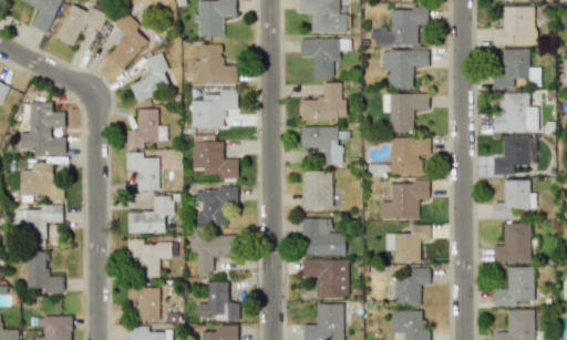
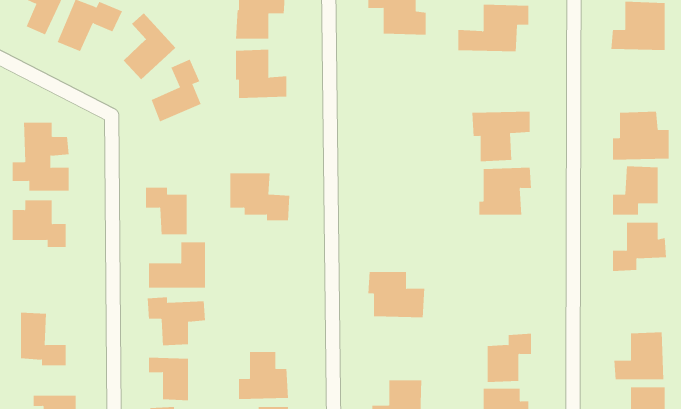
building: [300,39,340,78] -> none
building: [493,50,540,89] -> none
building: [382,51,429,89] -> none
building: [300,83,346,121] -> none
building: [190,90,237,127] -> none
building: [126,109,166,147] -> none
building: [300,126,340,165] -> none
building: [301,172,331,208] -> none
building: [380,181,429,219] -> none
building: [196,189,237,226] -> none
building: [17,208,62,246] -> none
building: [493,224,530,262] -> none
building: [385,225,430,262] -> none
building: [190,236,235,276] -> none
building: [302,259,348,298] -> none

